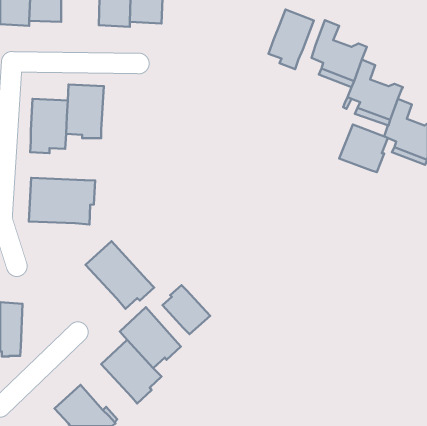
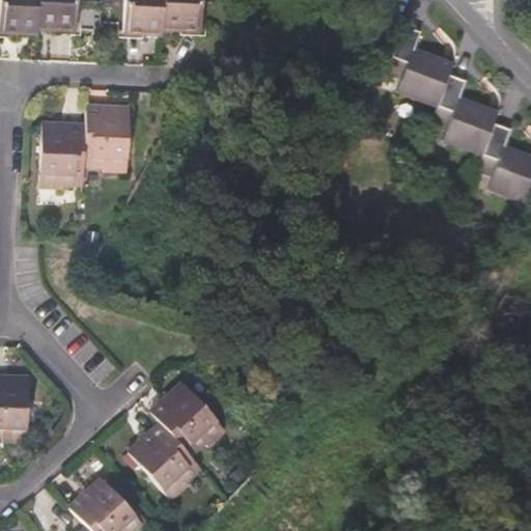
building: [268,10,314,69] -> none
building: [339,125,388,172] -> none
building: [29,178,95,224] -> none
building: [86,241,154,309] -> none
building: [163,285,210,334] -> none

